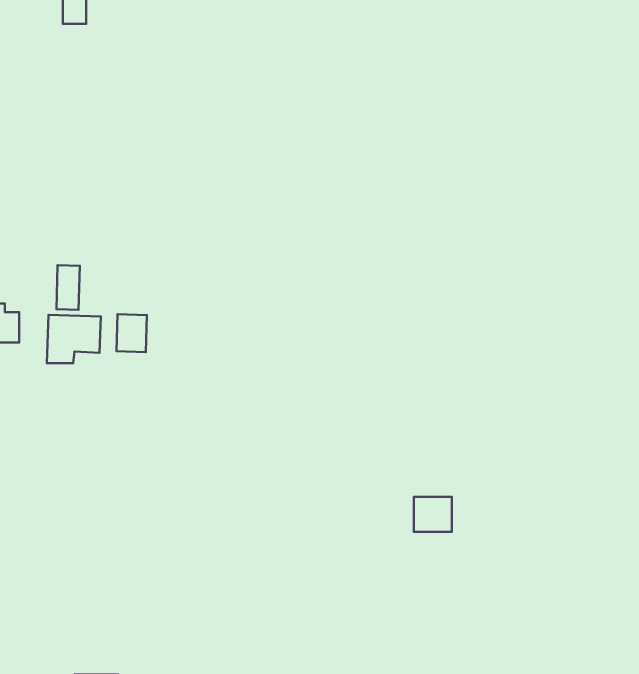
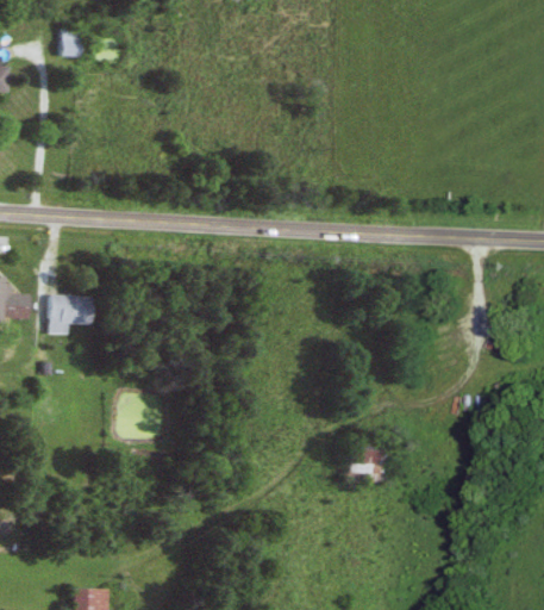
building: [56,265,80,310] -> none
building: [117,314,147,352] -> none

